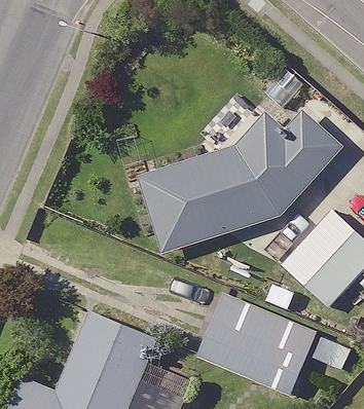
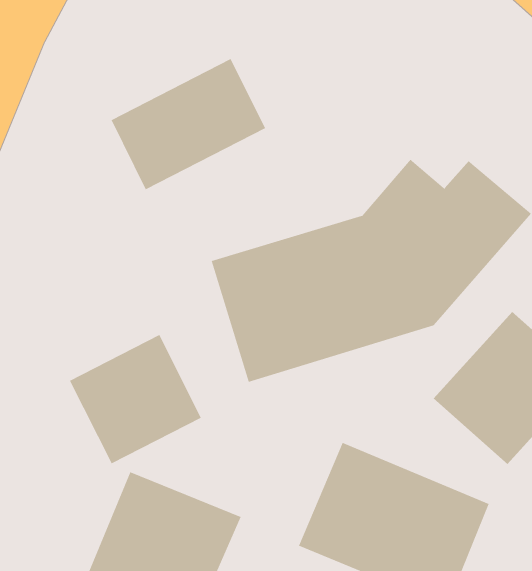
building: none -> [111,58,266,190]
building: none -> [69,334,201,464]

